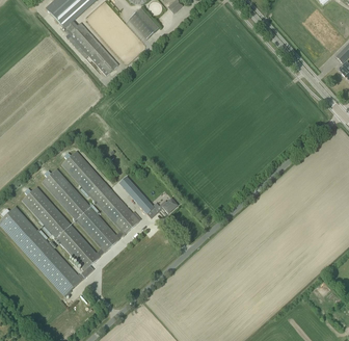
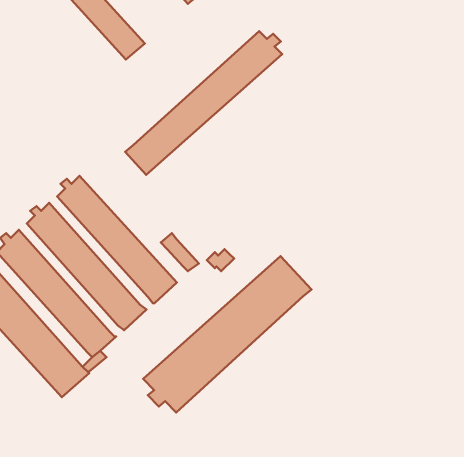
building: none -> [125,31,282,175]
building: none -> [143,256,312,413]

